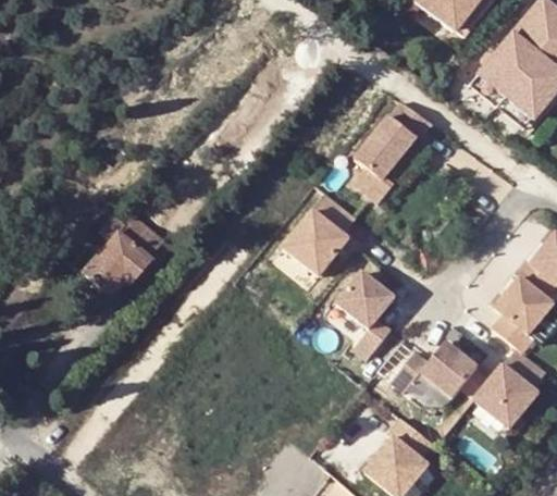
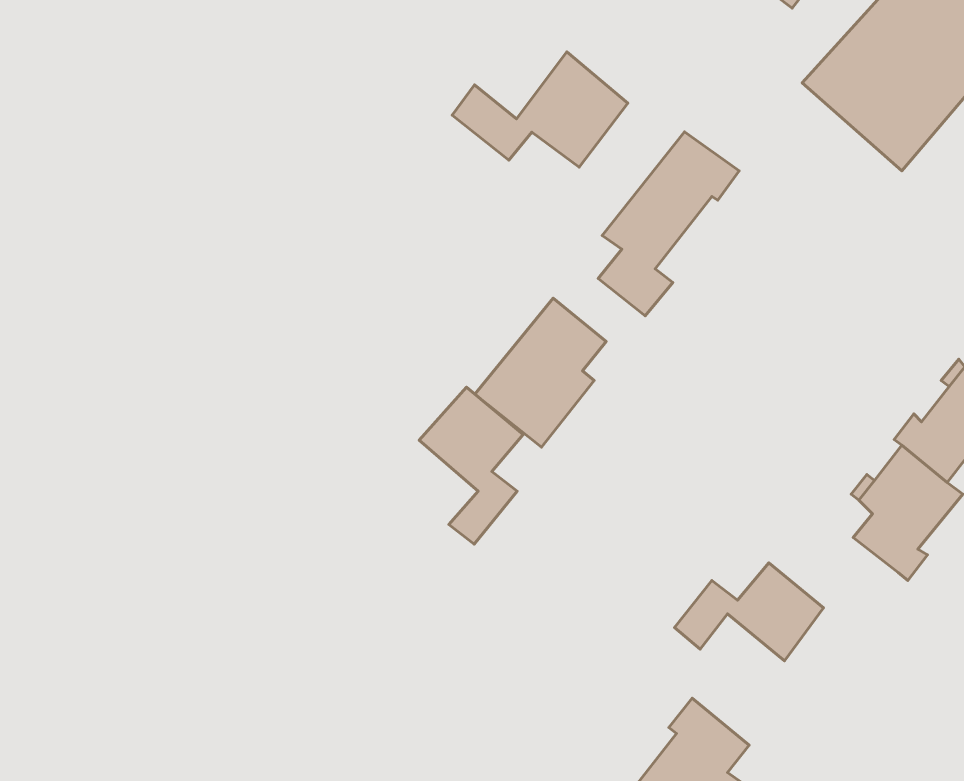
building: none -> [452,52,628,167]
building: [82,211,162,294] -> none
building: [337,275,395,362] -> [419,387,523,544]
building: [476,348,547,429] -> none

